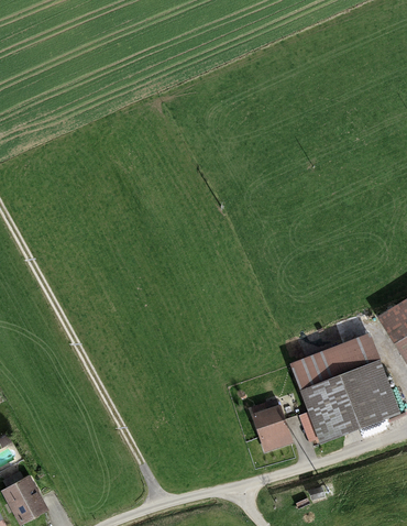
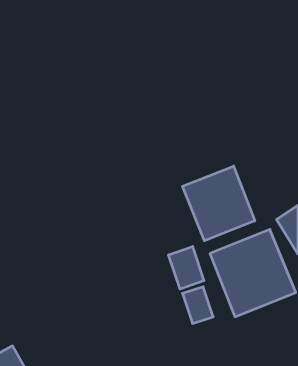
building: none -> [183,166,255,241]
building: none -> [169,246,204,289]

